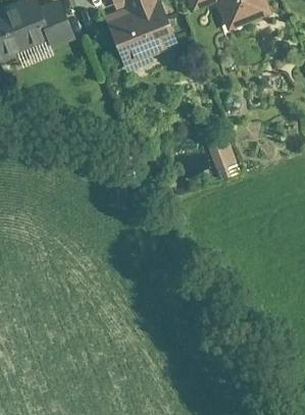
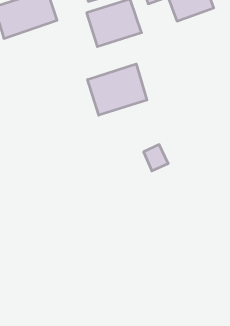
building: none -> [88,64,147,115]
building: [204,138,235,170] -> [144,145,168,171]

